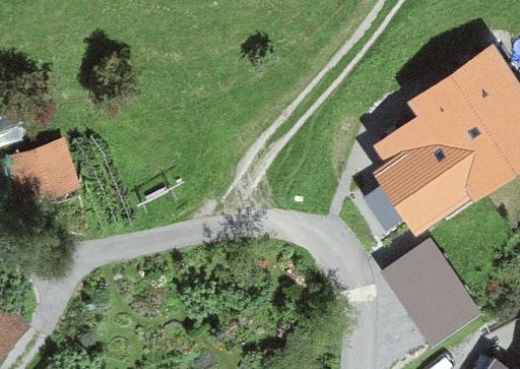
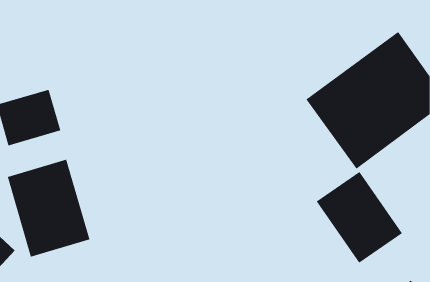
building: none -> [7,159,90,257]

